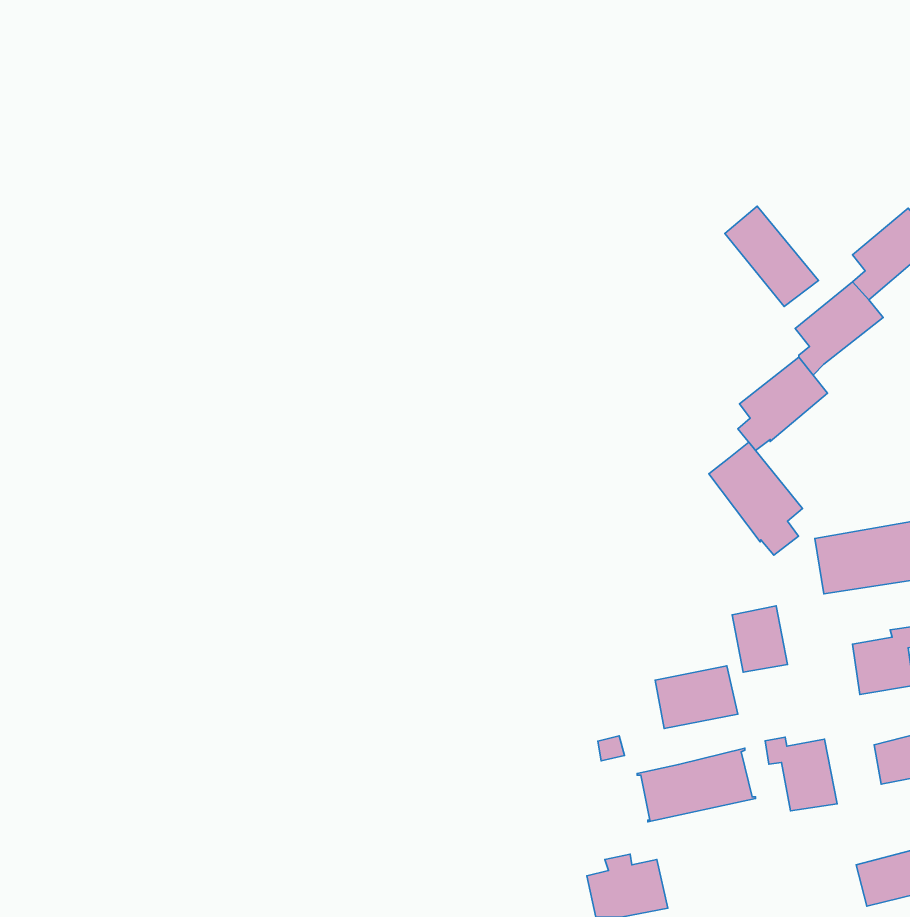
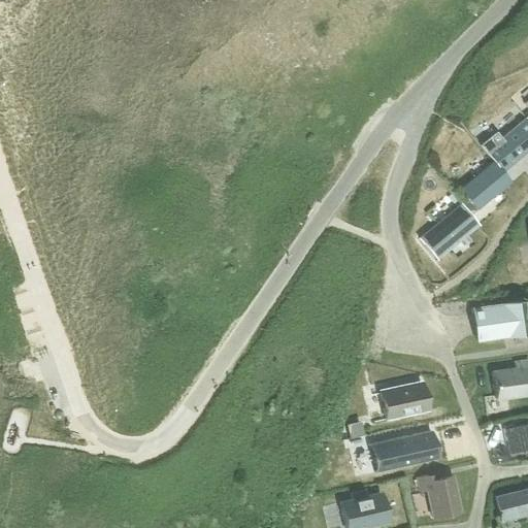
building: [725,206,818,306] -> none
building: [709,442,803,555] -> none
building: [732,606,787,672] -> none
building: [765,737,837,811] -> [420,475,461,518]

